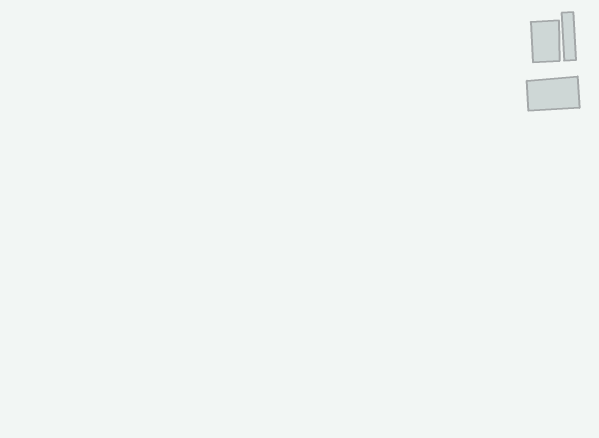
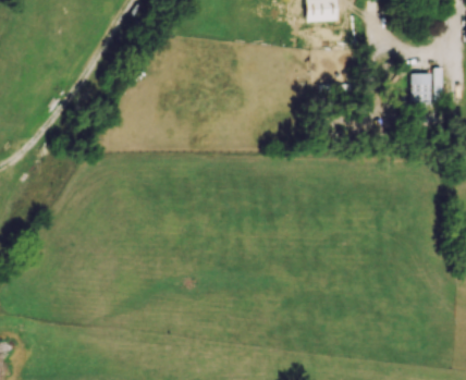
building: [527,76,579,111] -> none

